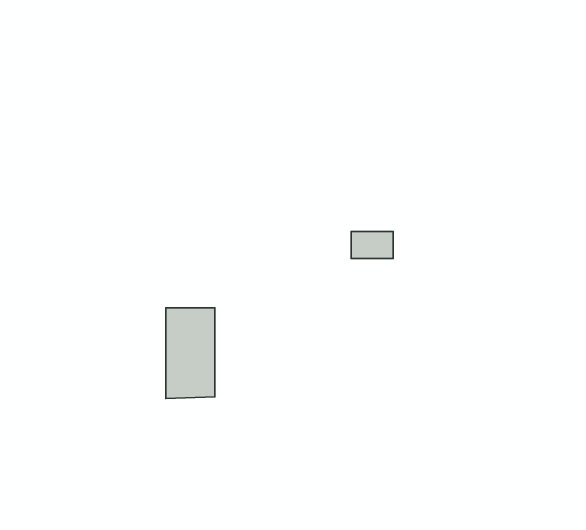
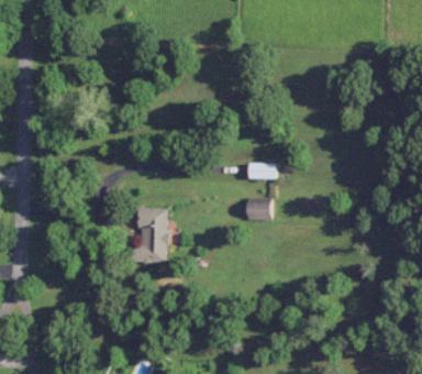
building: none -> [245,197,274,219]

